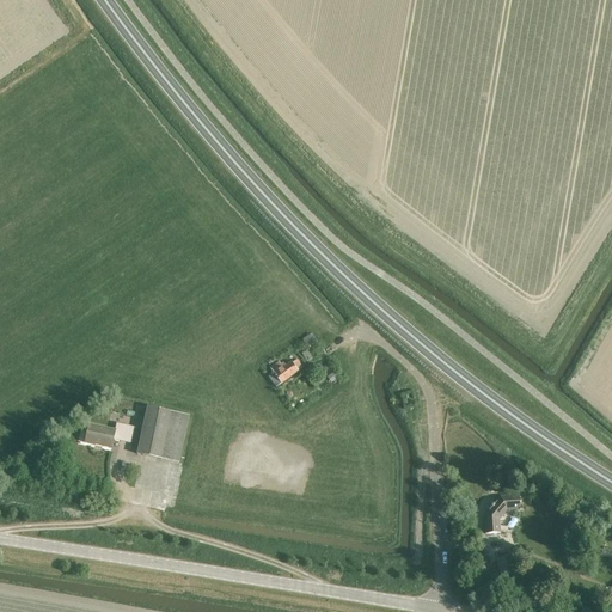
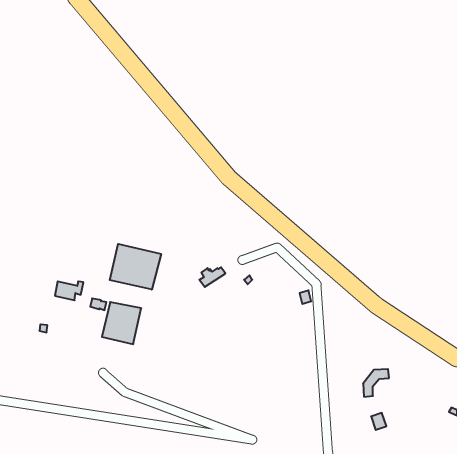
building: none -> [110,244,161,290]
building: [85,421,123,446] -> [55,281,83,300]

